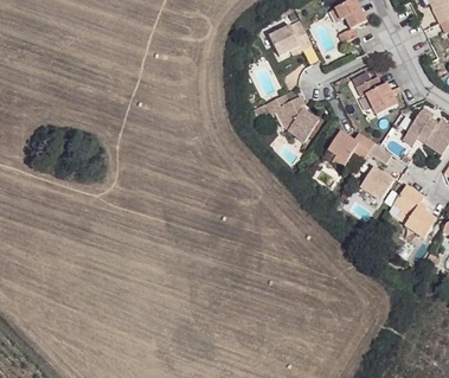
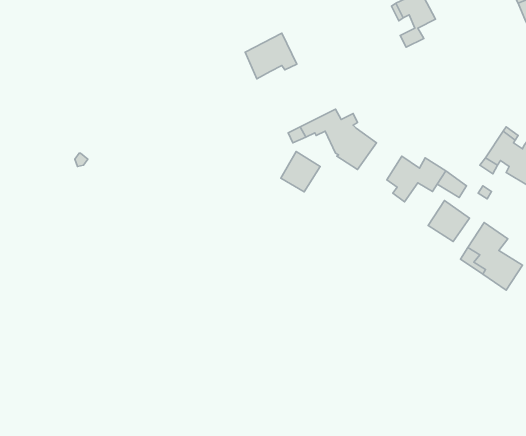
building: [269,19,310,56] -> [245,33,297,79]
building: [352,71,397,114] -> none
building: none -> [281,151,320,192]

